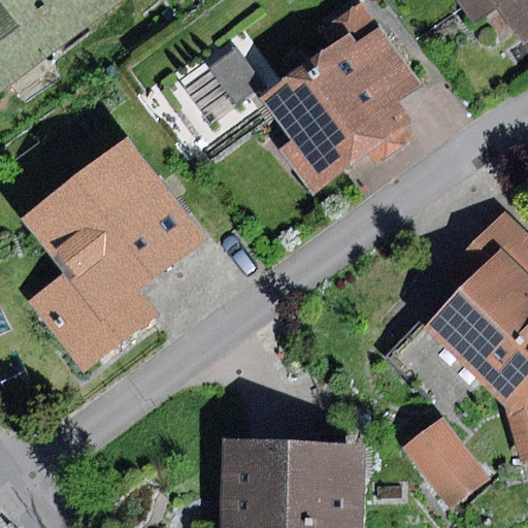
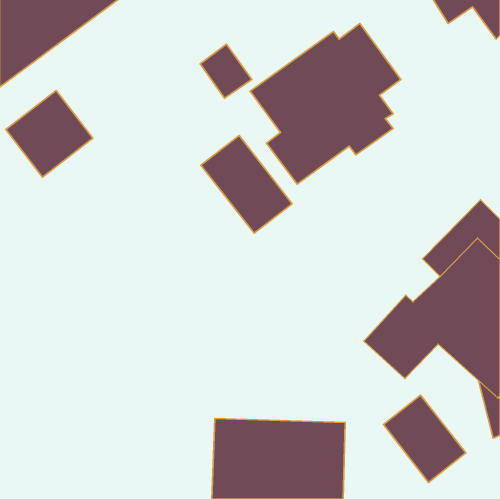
building: none -> [6,91,93,177]
building: [23,140,203,372] -> none
building: none -> [201,136,292,233]

